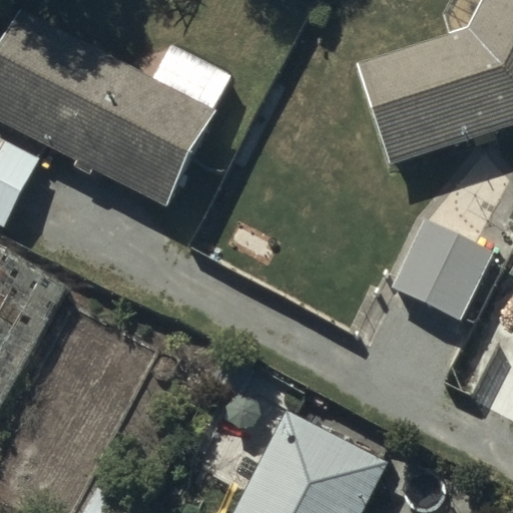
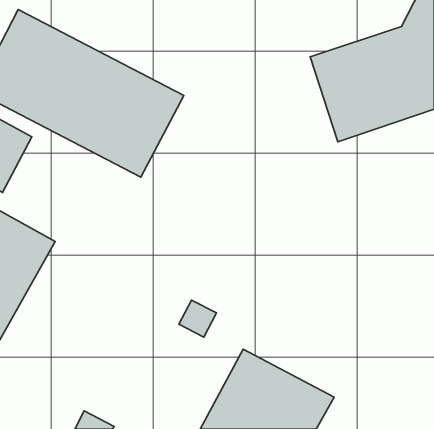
building: [390,217,491,319] -> none

